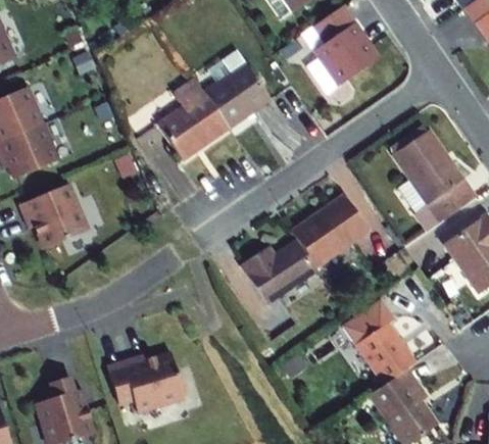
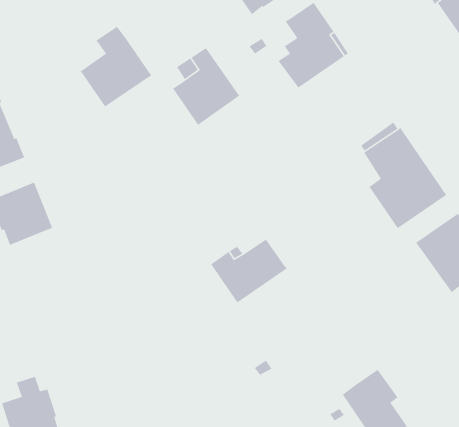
building: [158,80,230,160] -> [80,26,152,107]
building: [292,195,370,267] -> none
building: [342,299,417,385] -> none
building: [106,351,185,410] -> none

